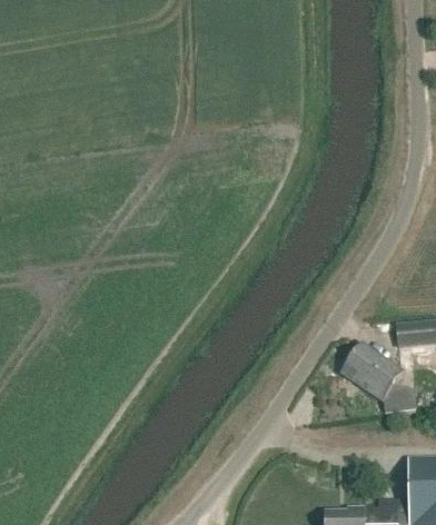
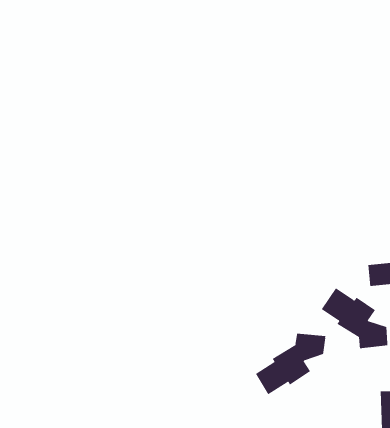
building: none -> [255,333,326,395]

